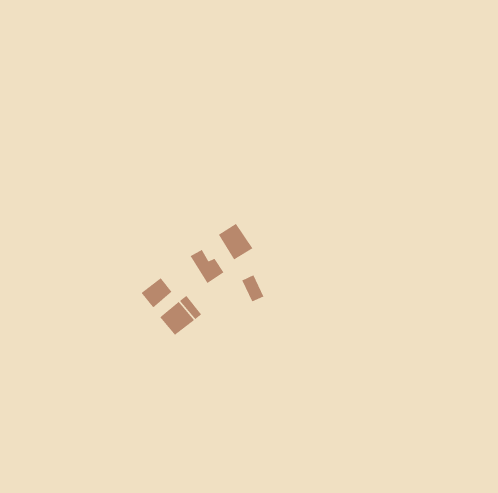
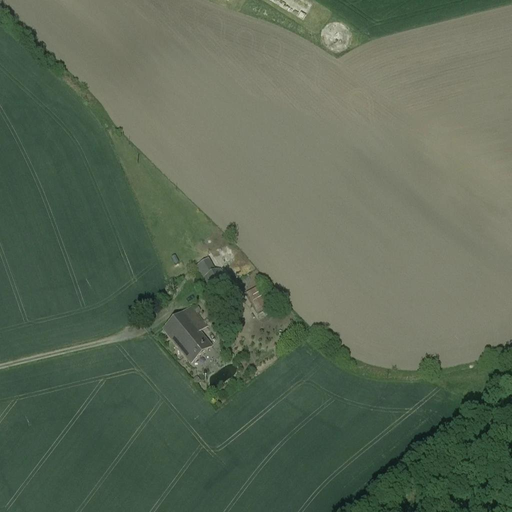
building: [218,223,254,261] -> none
building: [140,277,173,309] -> [179,328,212,360]

